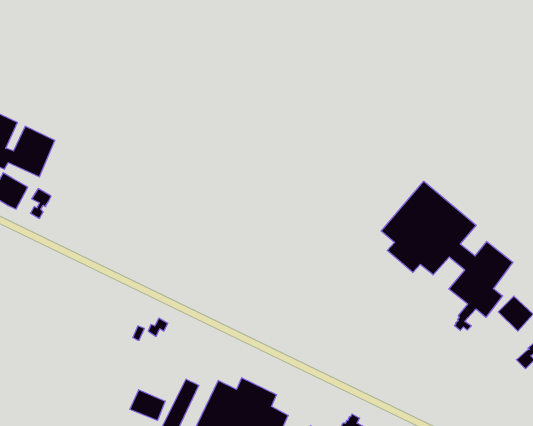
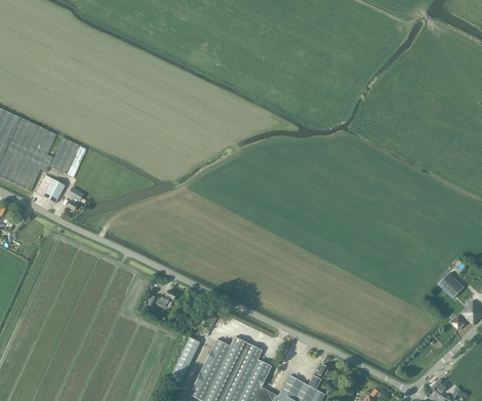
building: [381,181,513,331] -> none
building: [130,390,165,420] -> none

